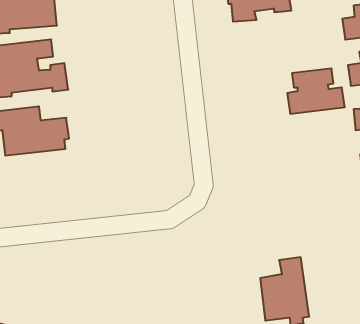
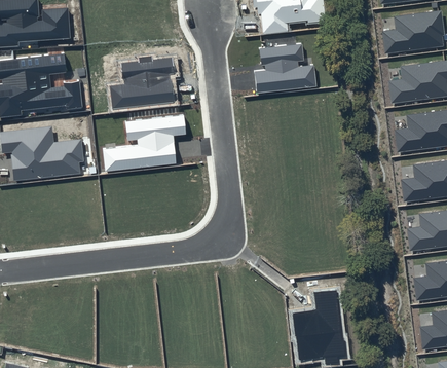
building: none -> [109,57,175,110]
building: [287,69,345,114] -> [254,44,316,94]
building: none -> [103,115,186,172]

